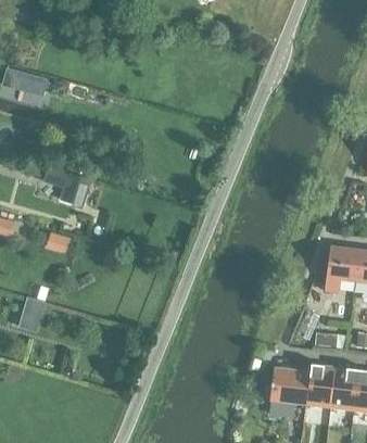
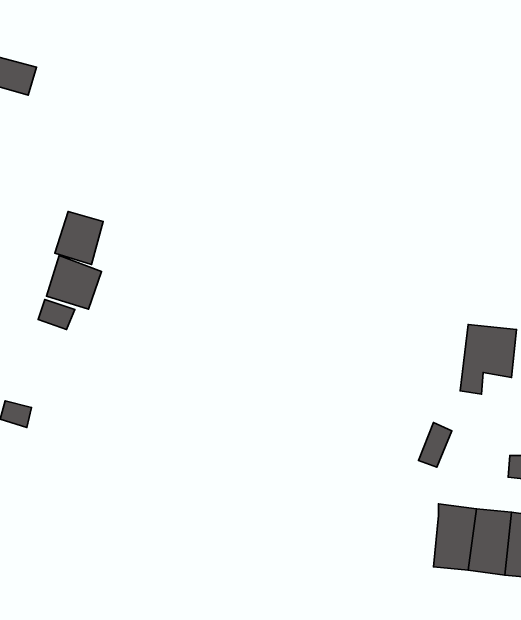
building: none -> [46,256,102,309]
building: [268,368,309,406] -> none

